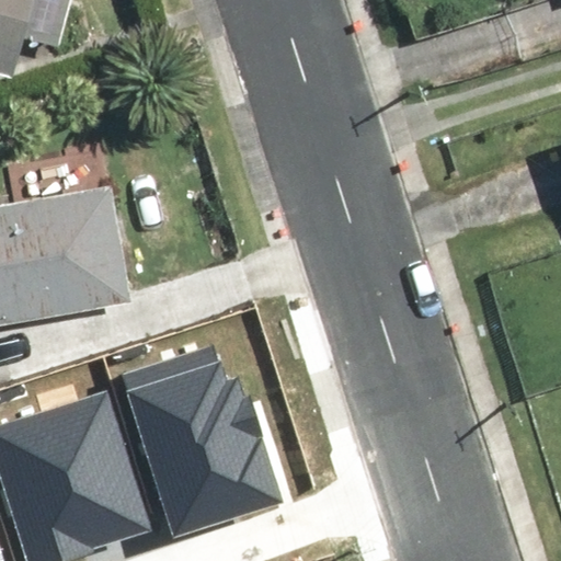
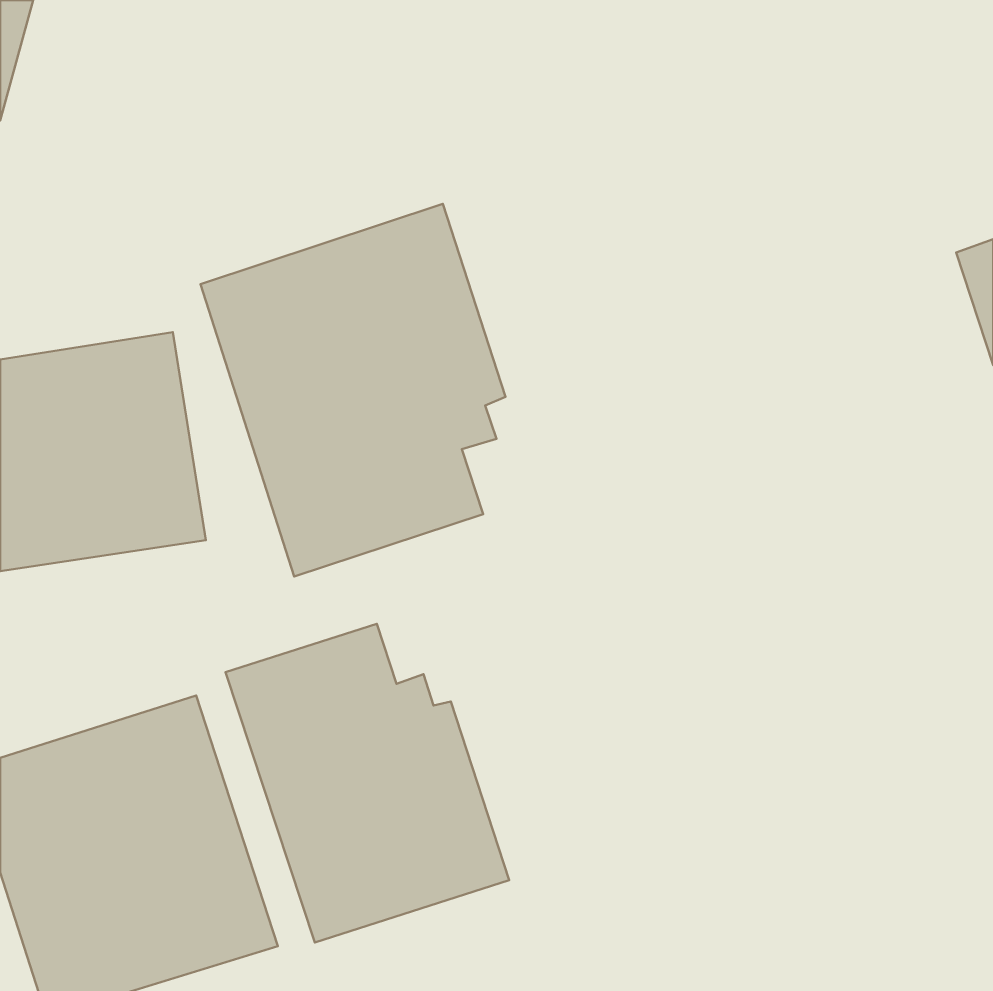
building: none -> [200,204,506,577]

